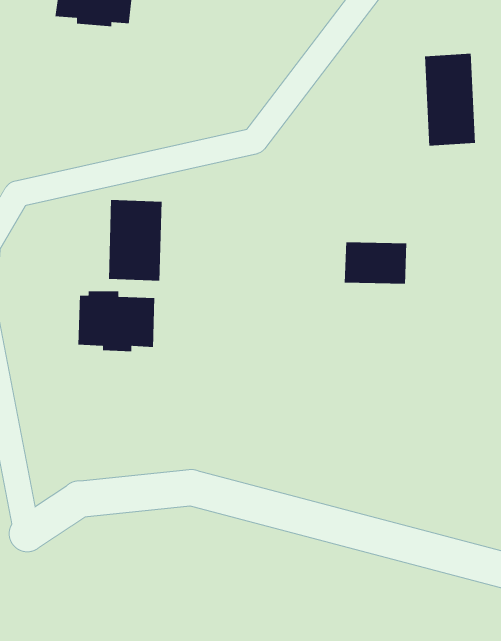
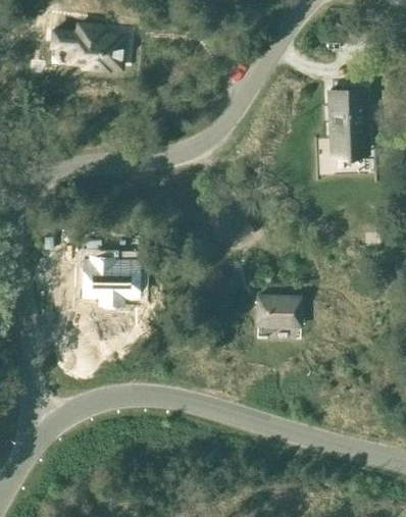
building: [108,199,163,282] -> none
building: [344,241,407,285] -> [255,297,300,327]

